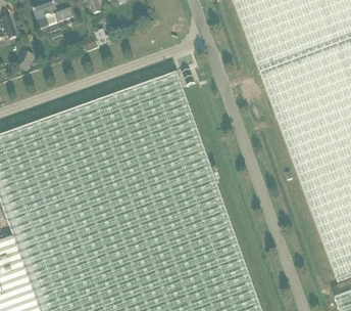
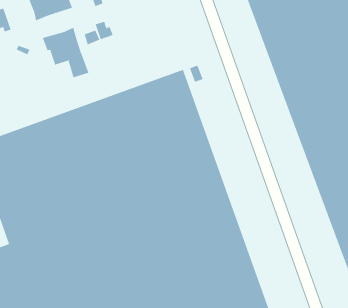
building: none -> [42,27,89,78]

